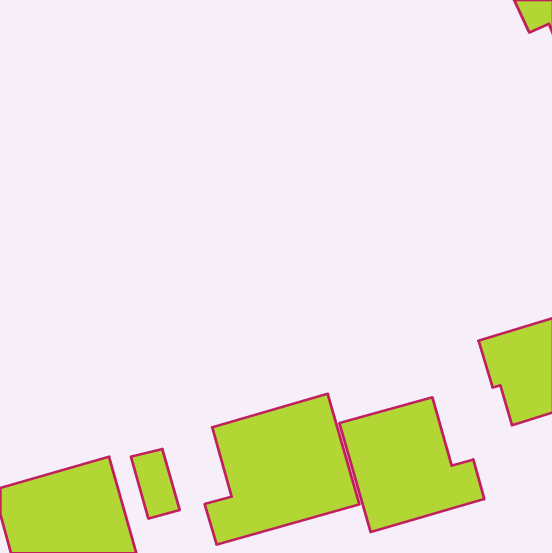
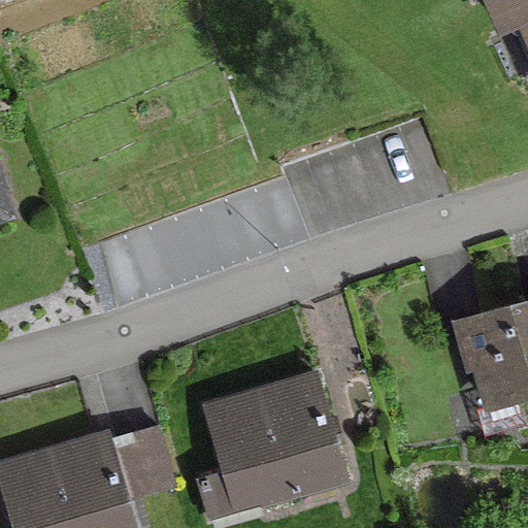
building: [340,397,484,532] -> none

